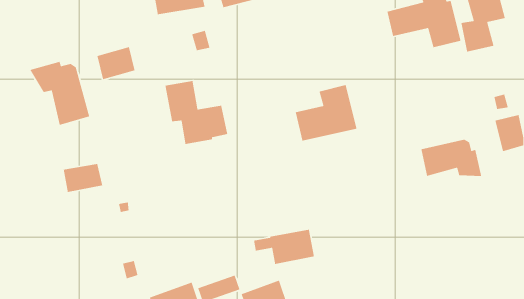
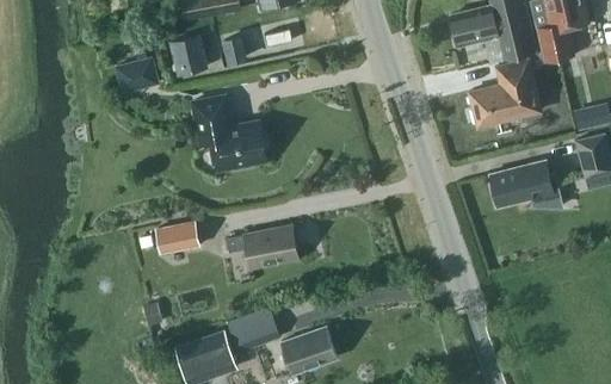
building: none -> [169,36,205,75]
building: [29,61,90,126] -> none
building: [295,84,358,142] -> [467,58,539,125]
building: [63,163,103,193] -> [153,221,199,255]
building: [253,229,315,265] -> [224,227,296,268]

